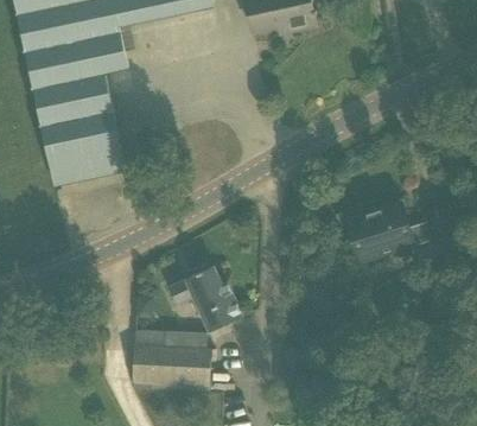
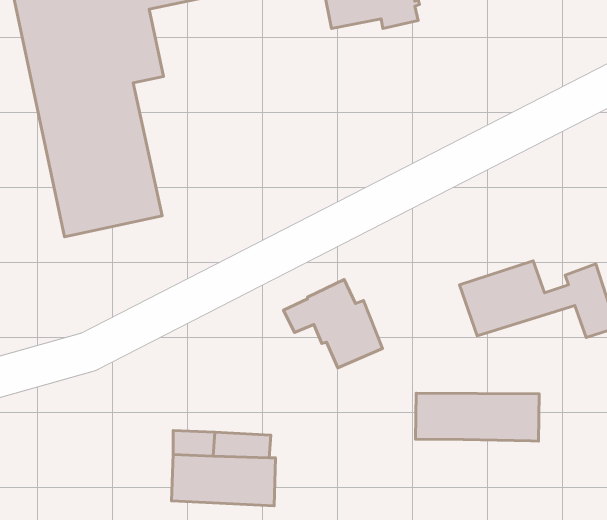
building: [167,265,241,330] -> [283,280,383,368]
building: none -> [415,393,539,441]

